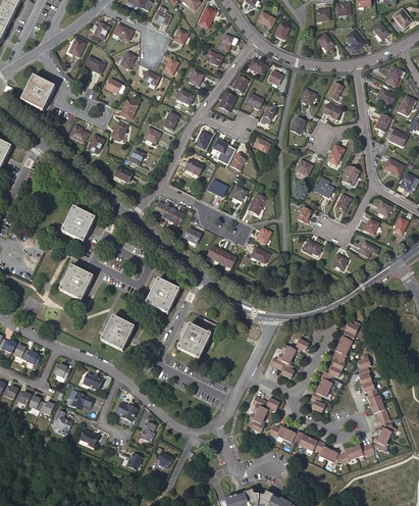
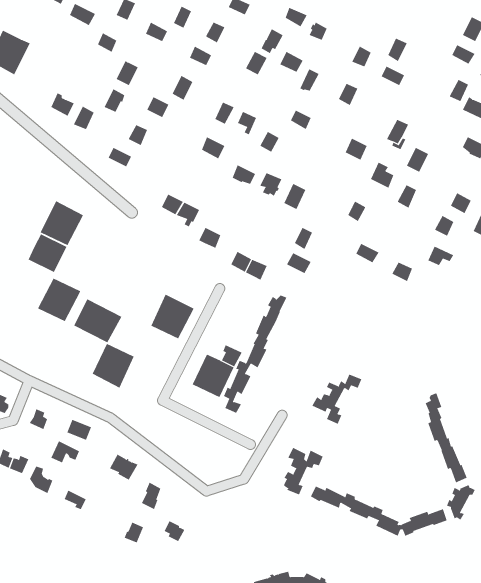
building: none -> [28,233,67,273]
building: none -> [74,298,122,343]
building: [311,320,360,411] -> [223,295,287,414]

